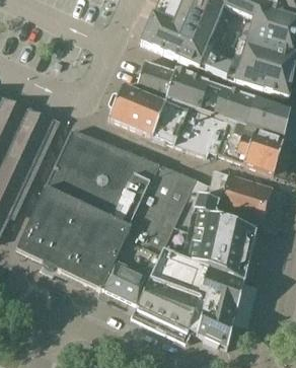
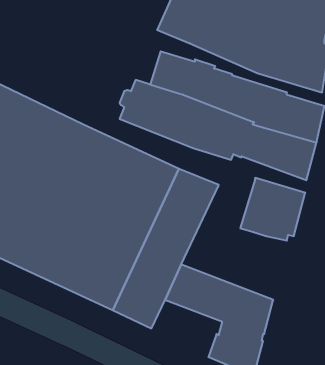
building: [163,170,257,283] -> none
building: [137,283,200,334] -> none

